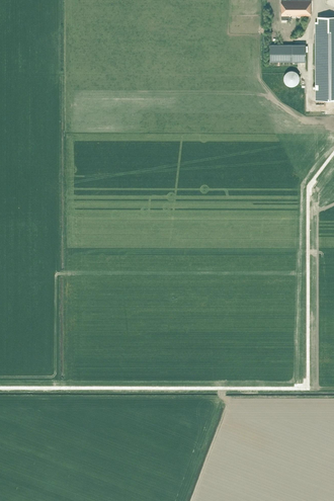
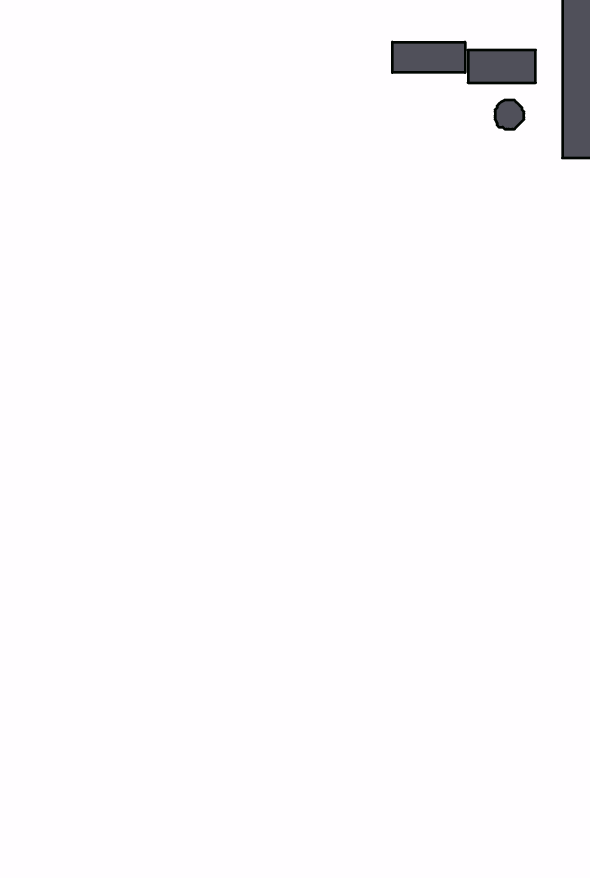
building: none -> [392,42,465,73]

